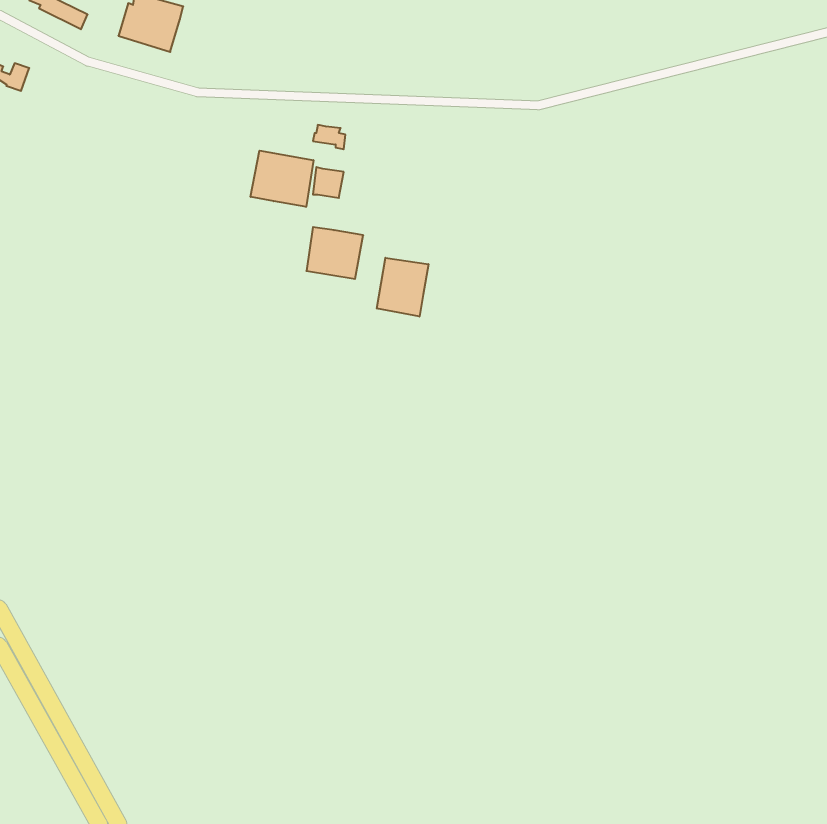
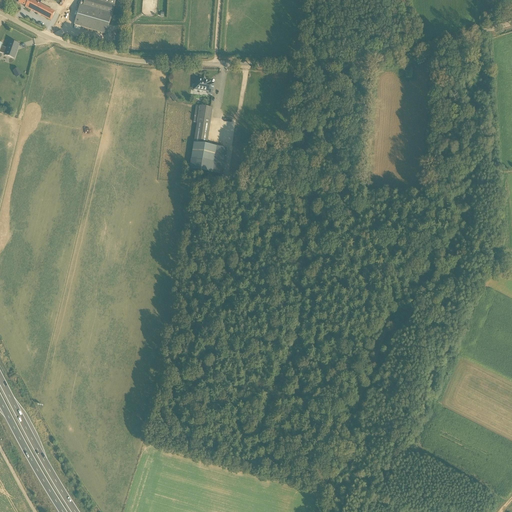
building: [251,151,313,207] -> none
building: [377,258,428,317] -> none

